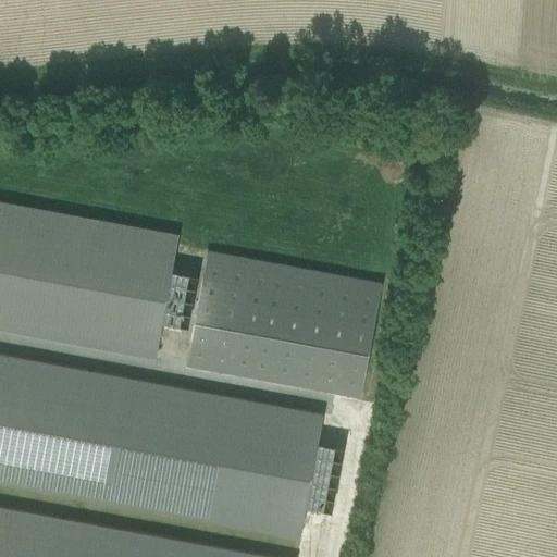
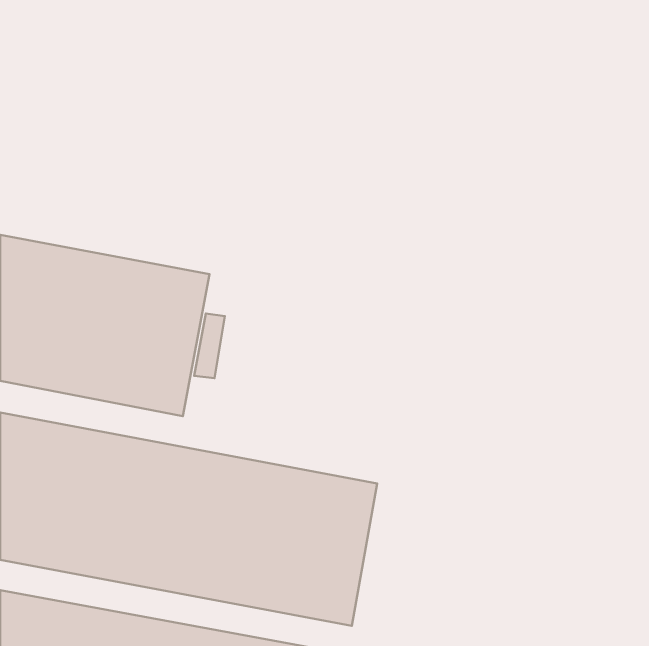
building: [187,251,380,397] -> none

